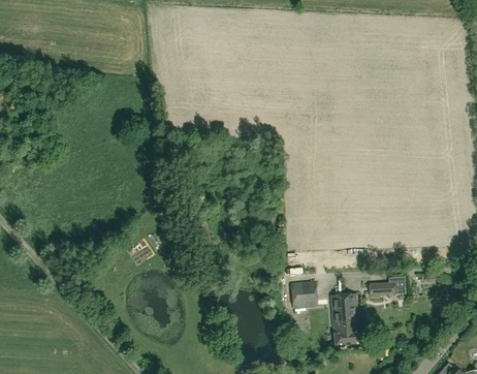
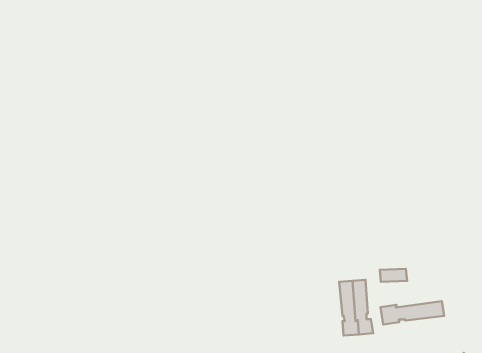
building: [290,280,317,307] -> none
building: none -> [380,301,444,324]

